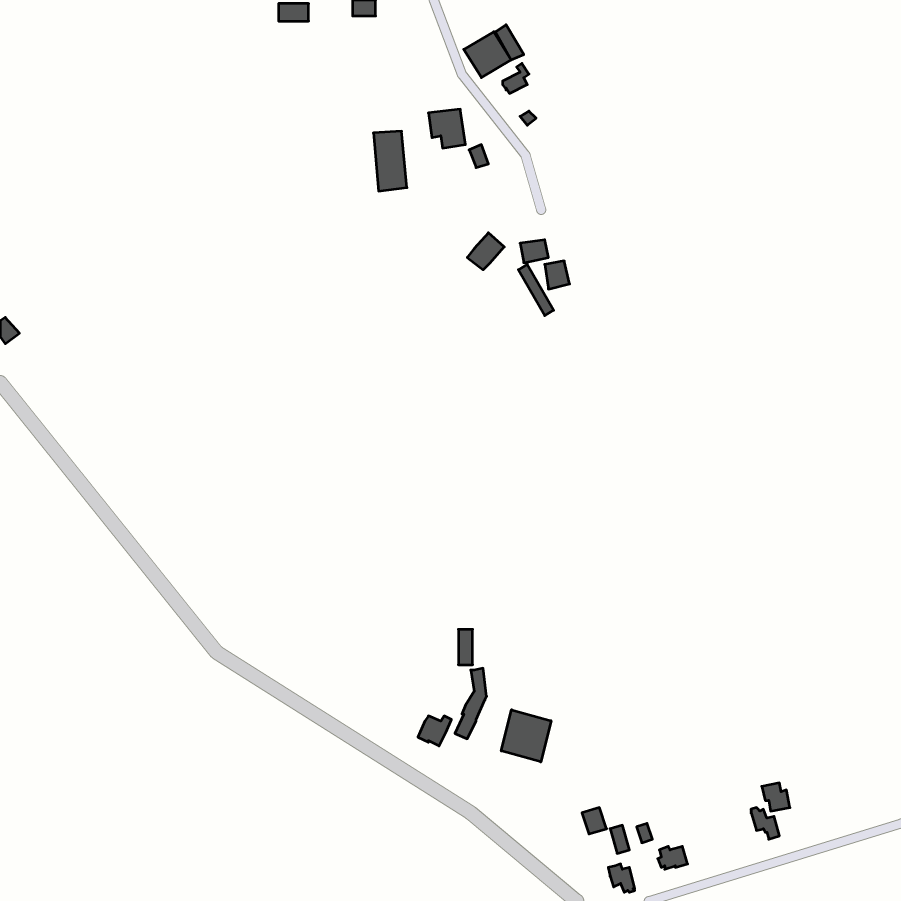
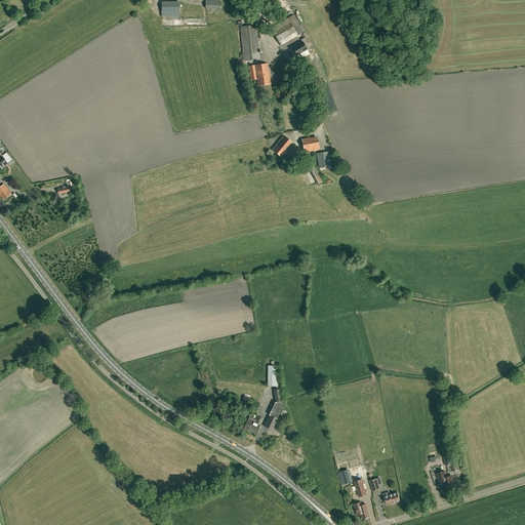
building: [373,131,407,191] -> [240,26,259,60]
building: [501,710,551,762] -> none

